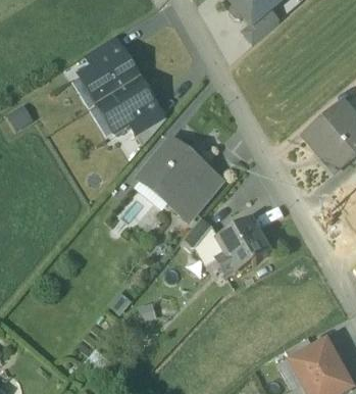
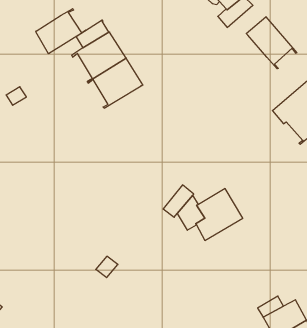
building: none -> [36,9,87,54]
building: none -> [246,17,297,69]
building: [130,106,165,144] -> none
building: [143,138,212,219] -> none

